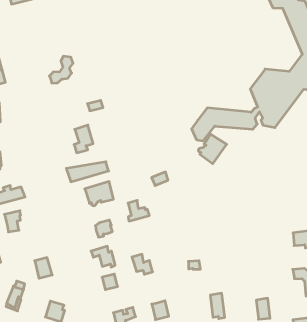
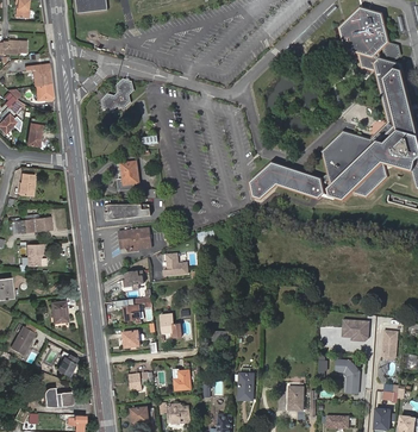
building: [198,134,227,164] -> none

